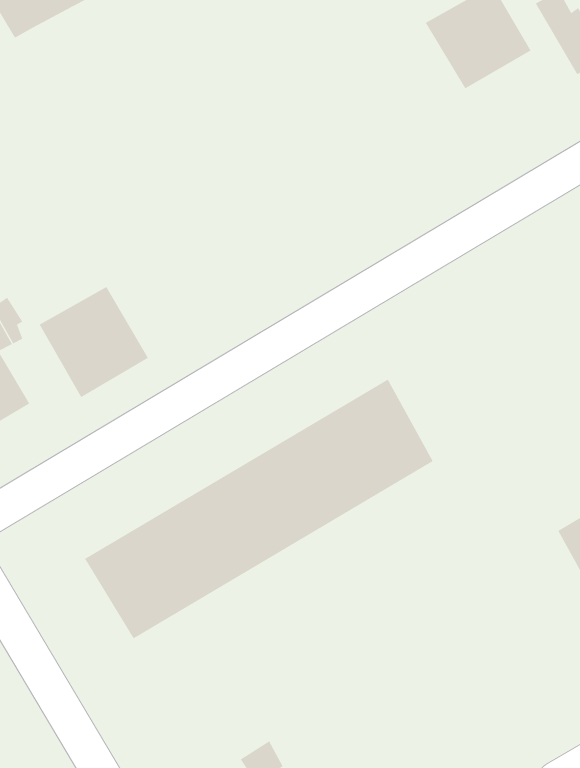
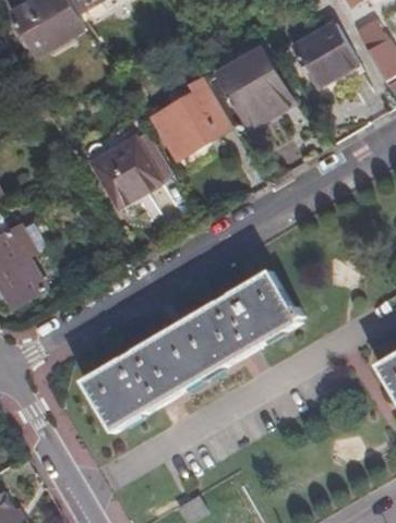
building: none -> [217,48,291,124]
building: none -> [157,95,223,158]
building: [39,286,149,398] -> [93,138,161,208]

